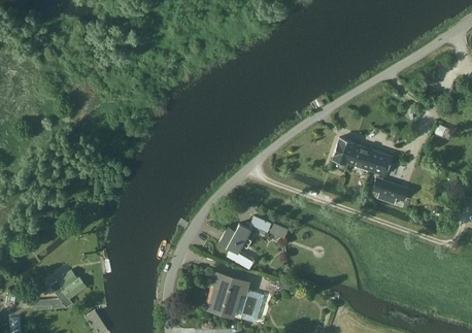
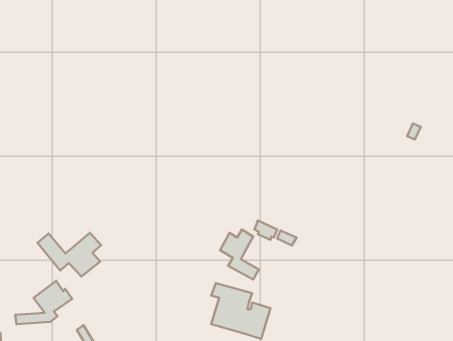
building: [332,138,407,203] -> none
building: none -> [37,233,101,277]

